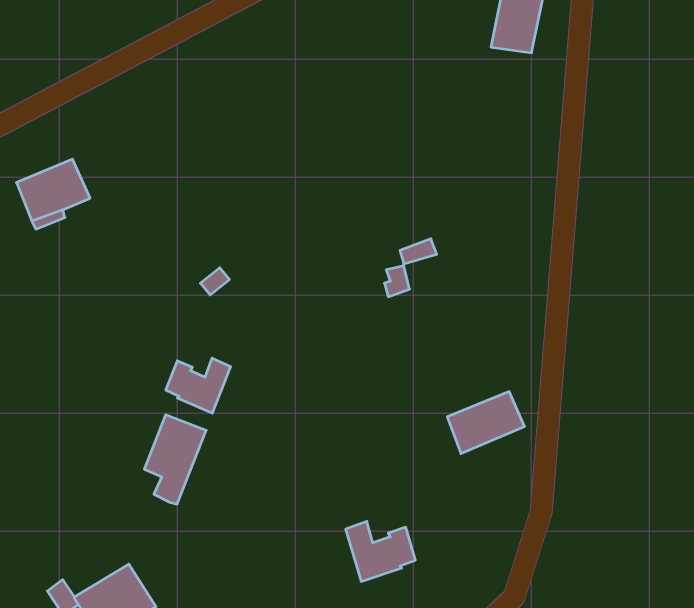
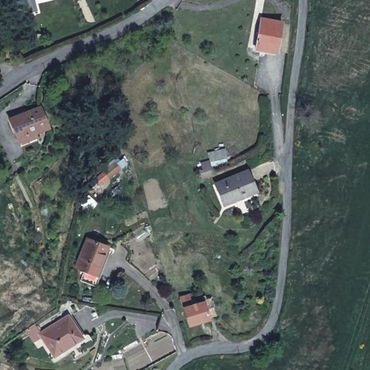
building: [166,358,231,413] -> none
building: [447,392,525,454] -> [216,171,256,203]

